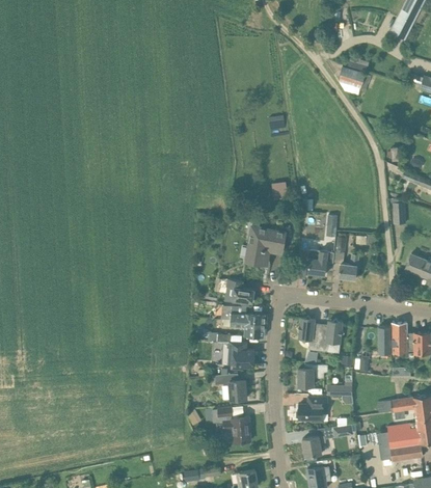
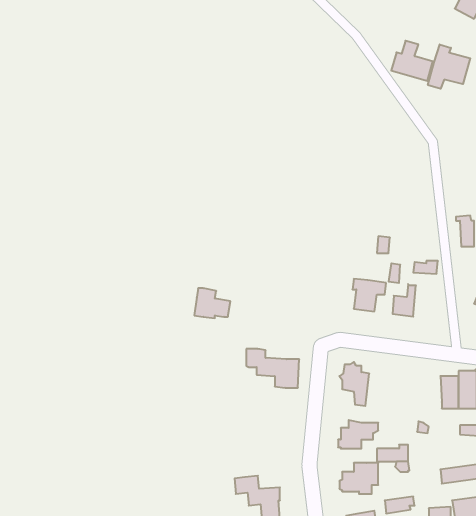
building: none -> [428,44,470,89]
building: [245,227,285,266] -> none
building: [224,280,253,304] -> [194,288,230,318]
building: [317,320,344,354] -> none
building: [221,342,253,370] -> none
building: [214,375,246,401] -> none

